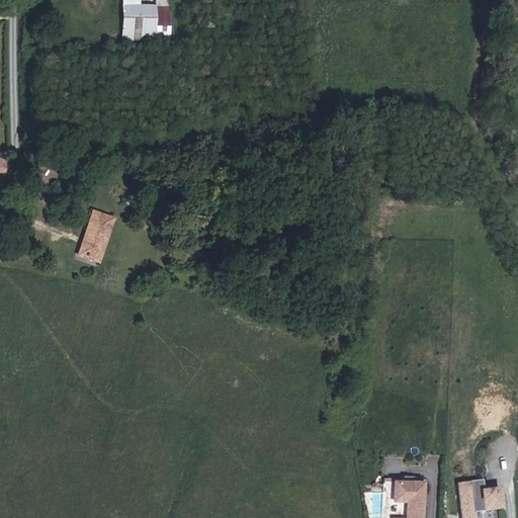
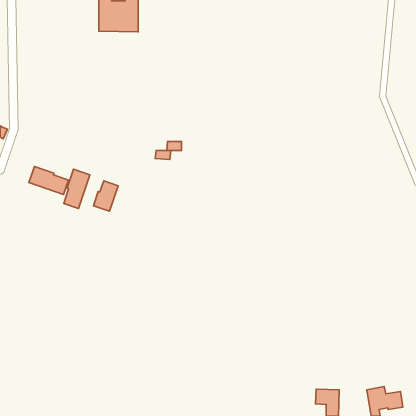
building: none -> [29,167,69,194]
building: none -> [93,181,118,211]

